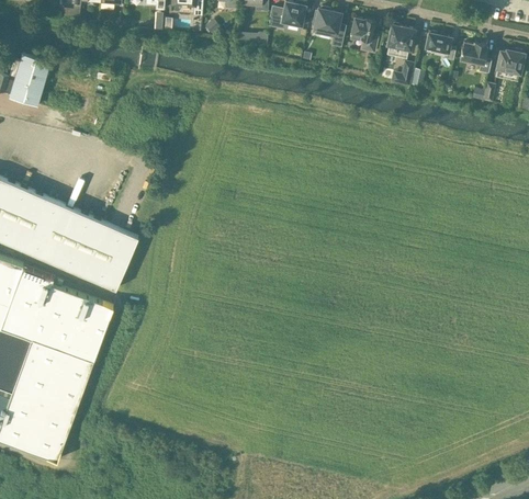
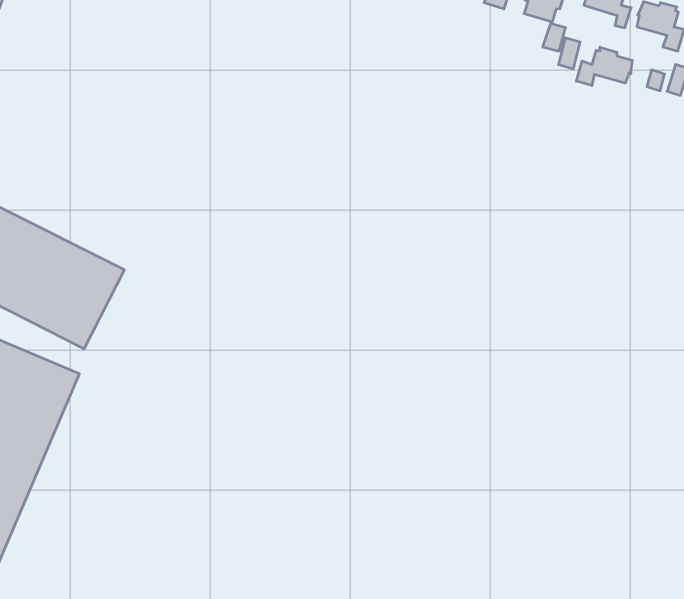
building: none -> [576,47,632,86]

